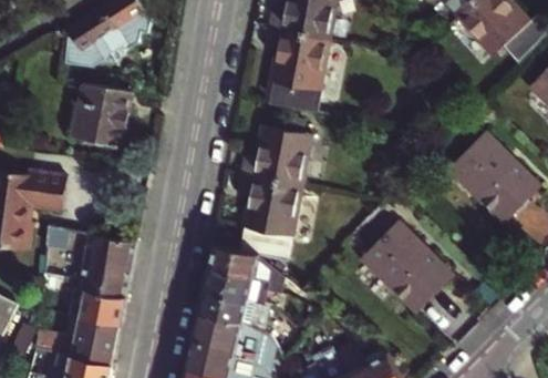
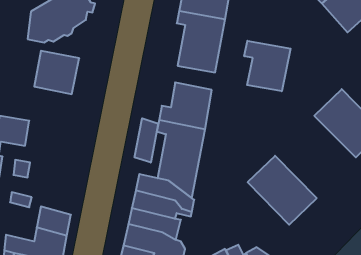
building: none -> [244,41,291,91]
building: none -> [135,118,158,163]
building: [76,236,134,302] -> none

